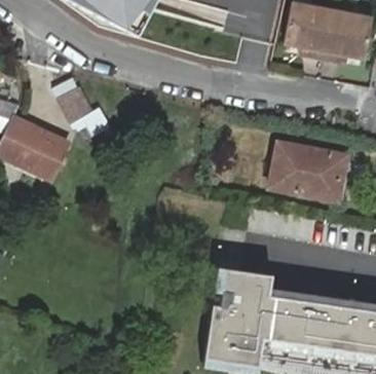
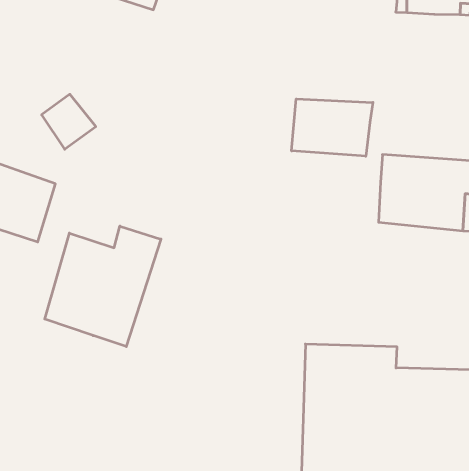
building: none -> [292,99,373,156]
building: none -> [45,226,161,347]

